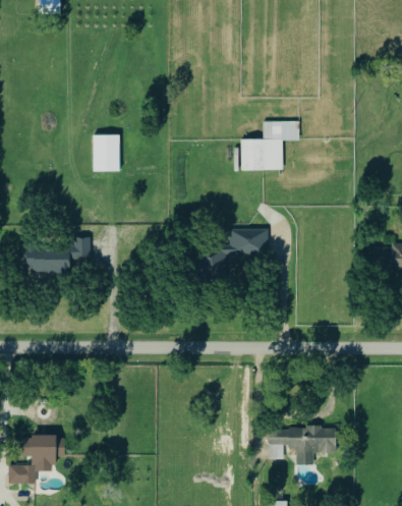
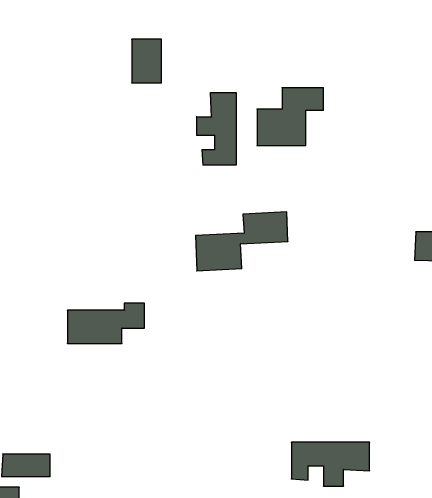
building: none -> [197,93,236,165]
building: [94,135,119,173] -> [132,39,161,83]
building: [24,238,91,273] -> [67,303,144,343]

